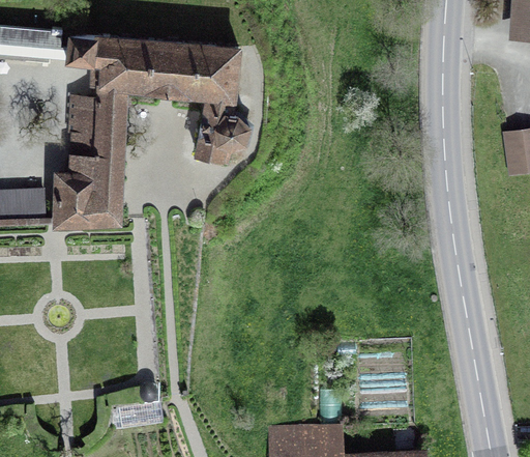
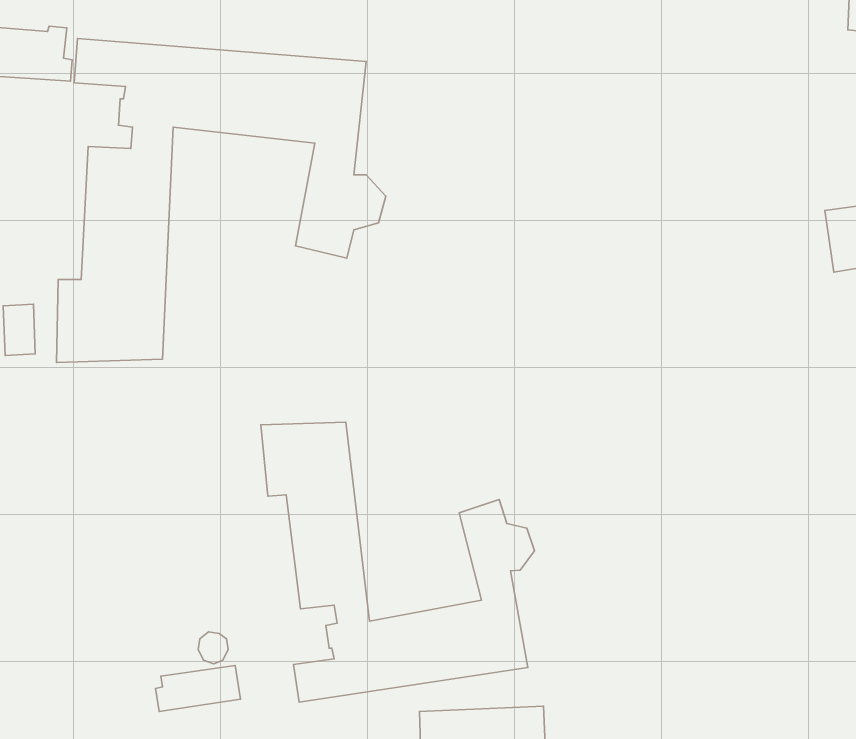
building: none -> [261,422,534,702]

